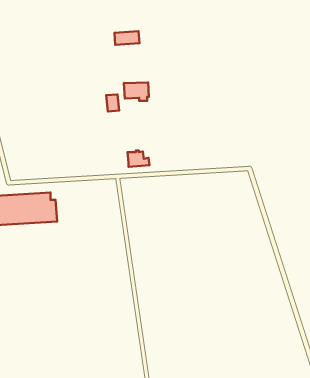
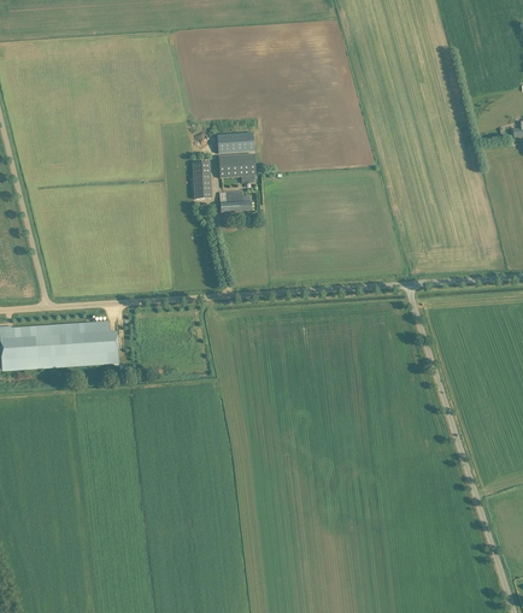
building: [114,31,139,45] -> [217,132,254,153]
building: [128,151,149,167] -> [219,189,252,213]

